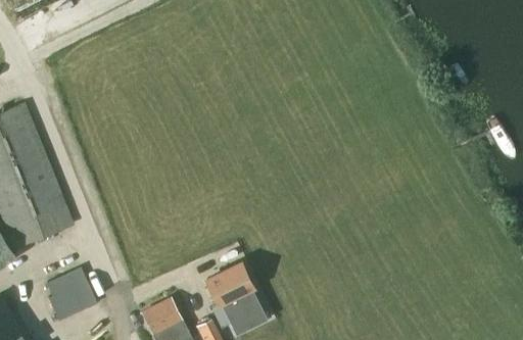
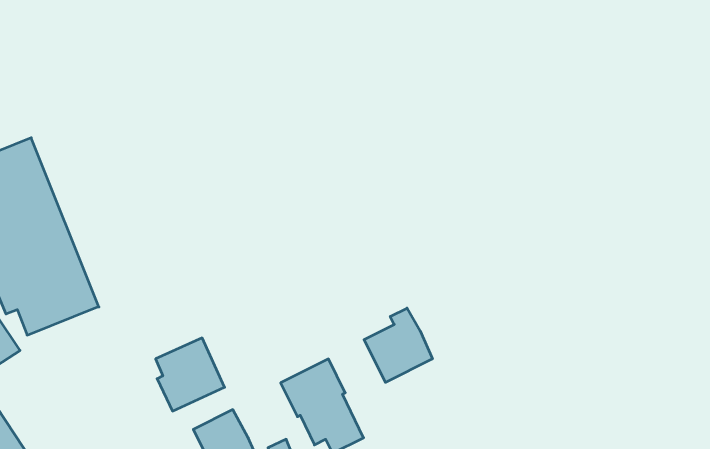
building: none -> [364,308,432,382]
building: [46,269,96,322] -> [156,338,225,411]

